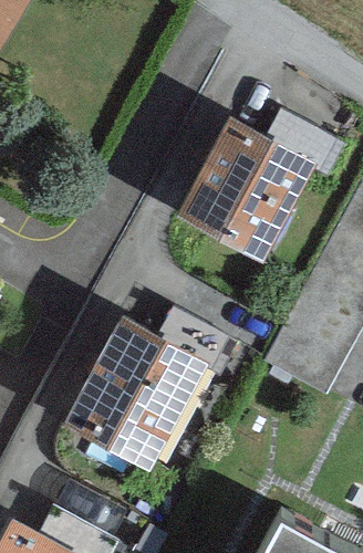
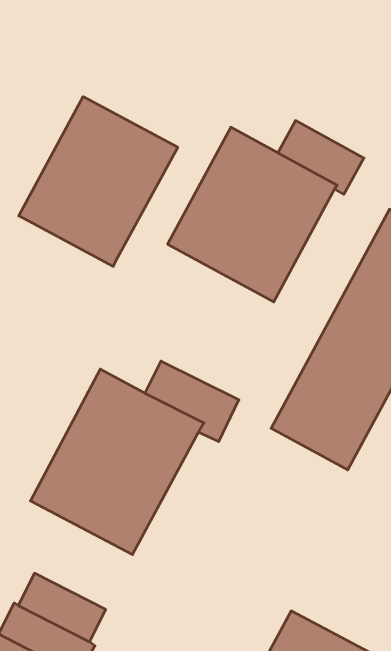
building: none -> [19,97,178,266]

